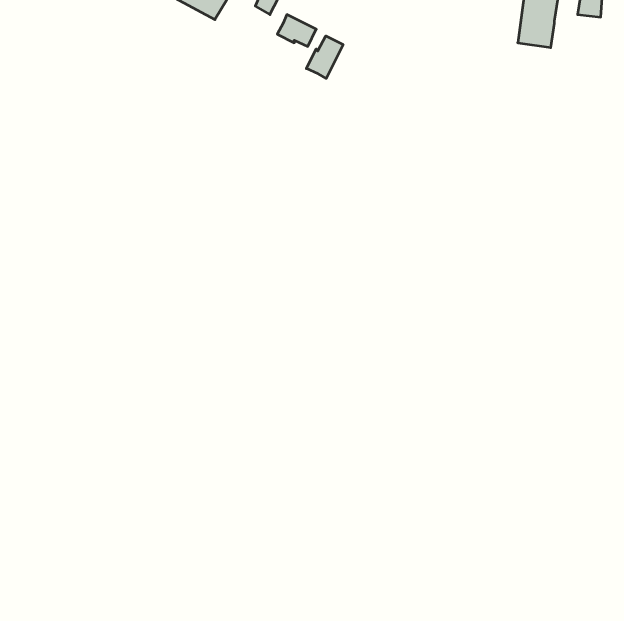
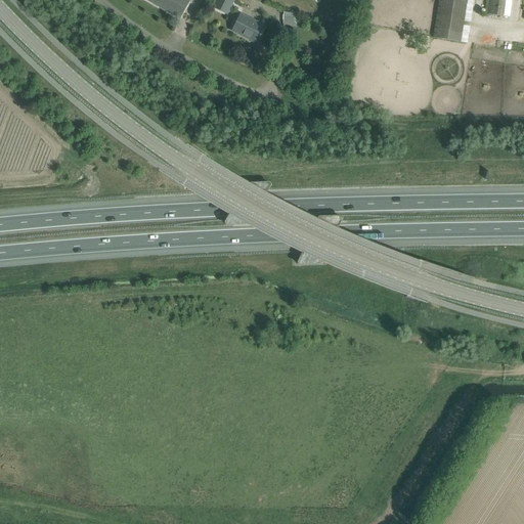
building: [306,36,343,78] -> none

